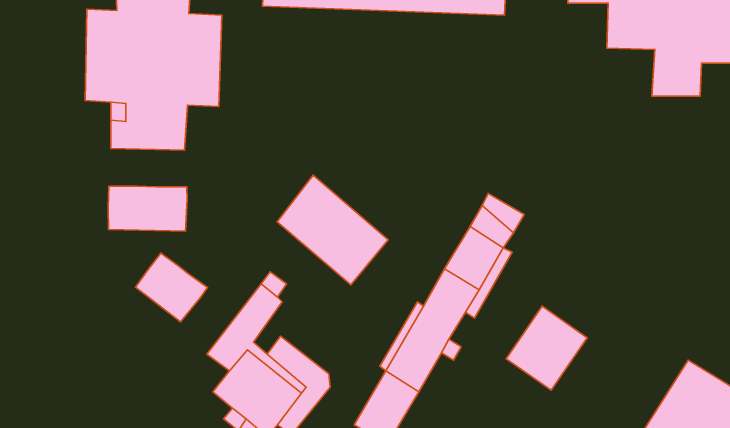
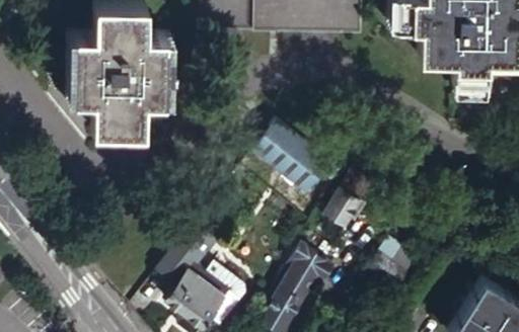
building: [277,175,388,285] -> [254,117,329,191]
building: [108,186,187,231] -> none
building: [135,253,207,322] -> none

